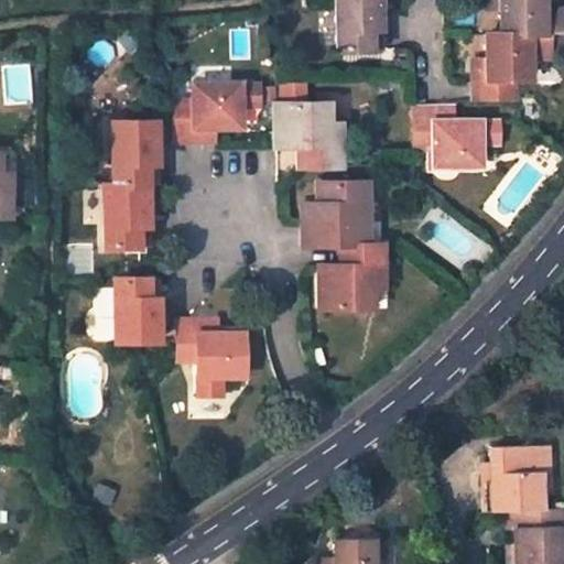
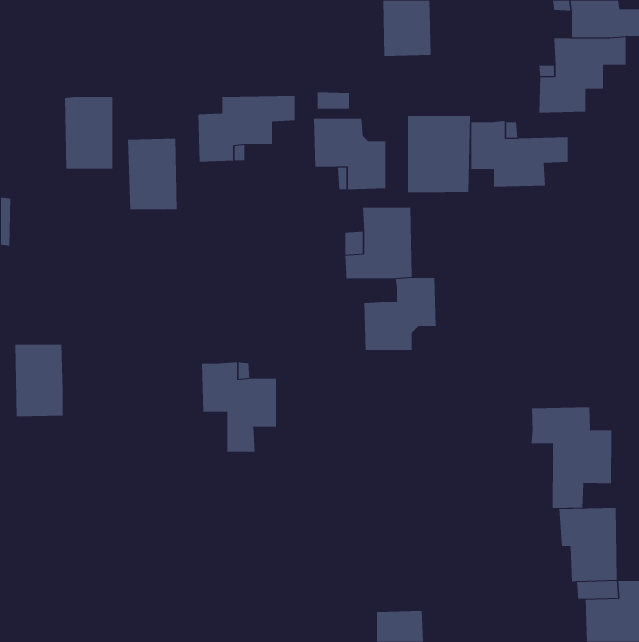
building: none -> [408,115,471,193]
building: [107,184,150,248] -> [64,96,113,169]
building: [118,278,161,341] -> [14,344,64,417]
building: none -> [531,406,612,509]

